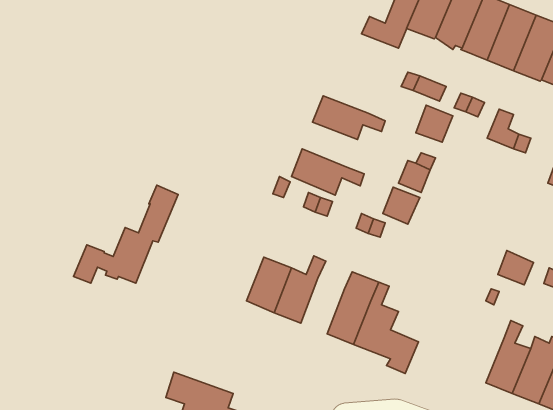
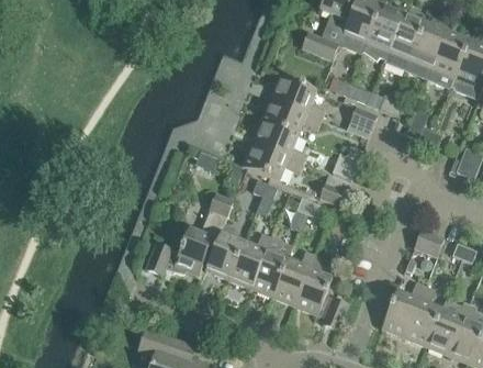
building: none -> [269,76,325,120]
building: none -> [251,121,307,164]
building: [74,185,178,283] -> [146,193,233,275]
building: none -> [250,236,293,297]
building: none -> [381,281,425,337]

